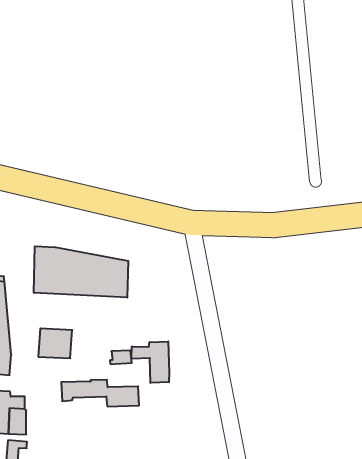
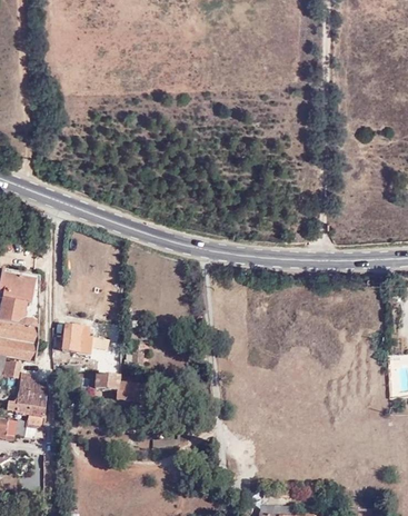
building: [34,246,128,298] -> none
building: [131,341,169,383] -> none

